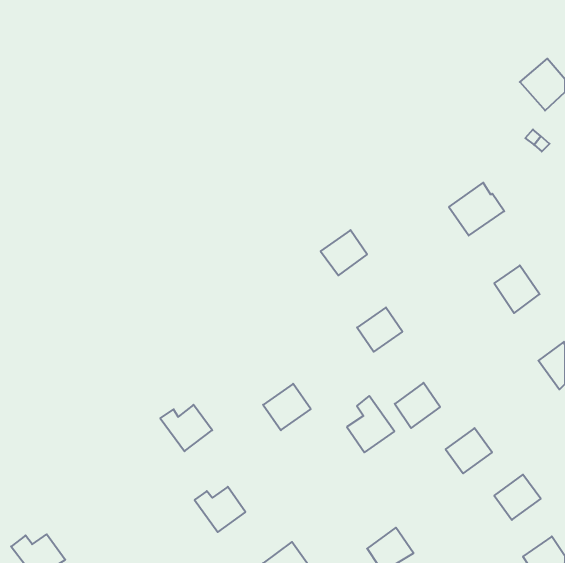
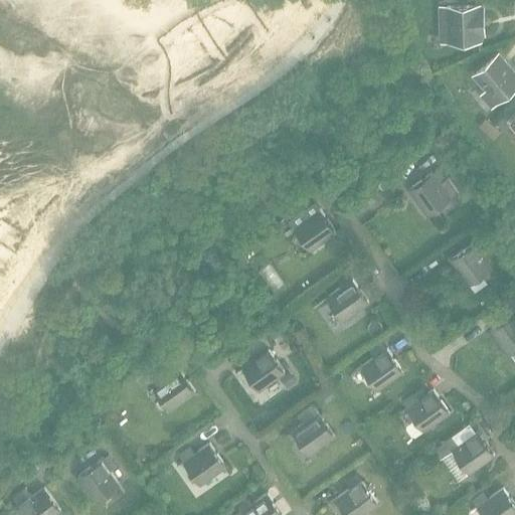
building: none -> [439,7,482,42]
building: [347,396,394,452] -> [290,405,333,457]
building: none -> [75,455,118,503]

